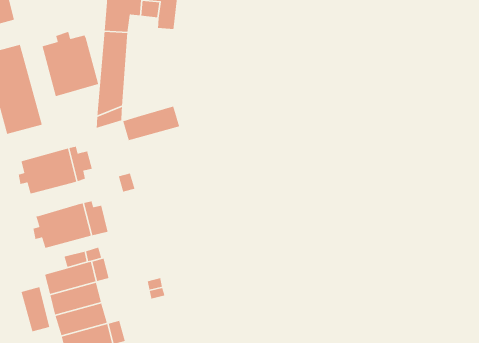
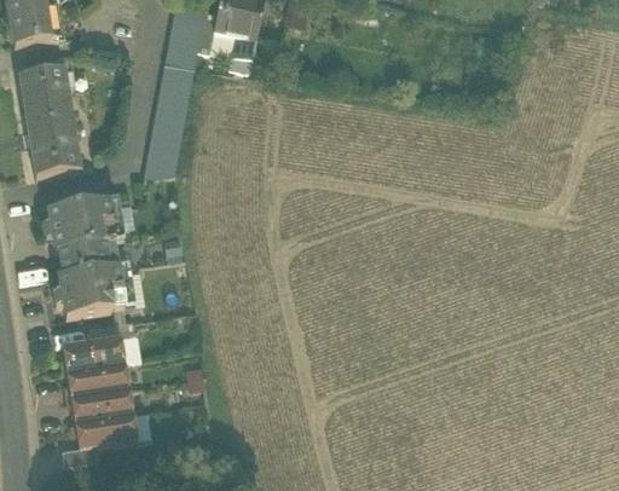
building: [42,31,99,97] -> none
building: [122,106,180,141] -> none
building: none -> [59,239,110,273]
building: [20,286,50,333] -> none

